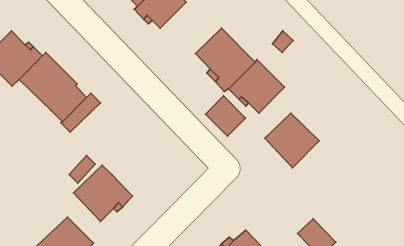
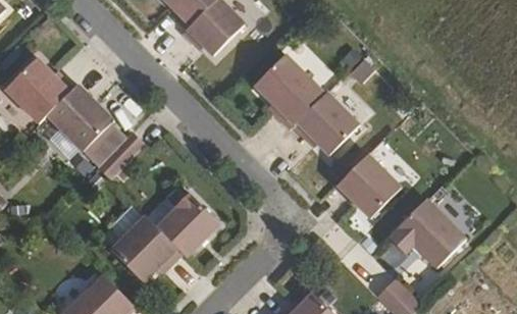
building: [205,96,246,136] -> none
building: none -> [156,193,217,256]
building: none -> [385,197,469,270]

